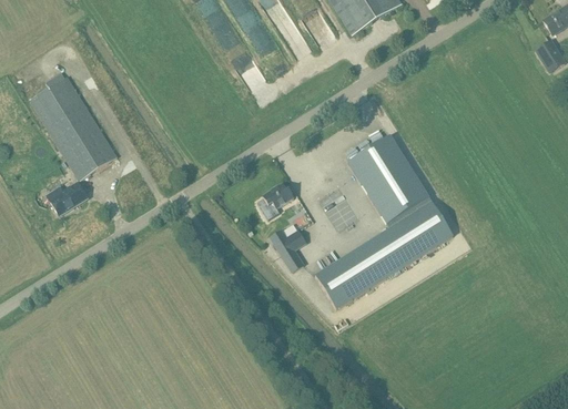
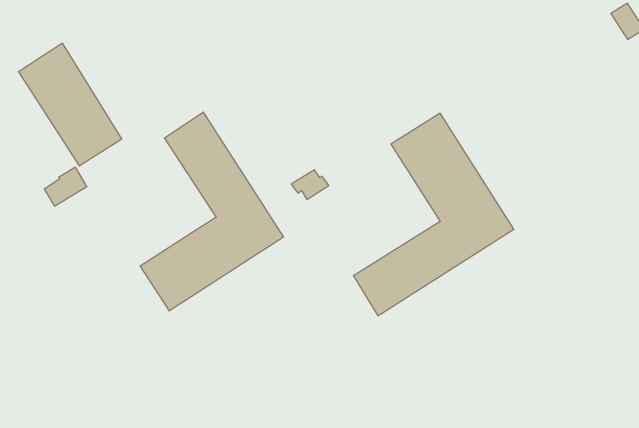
building: none -> [140,112,284,311]
building: [271,229,306,257] -> none

